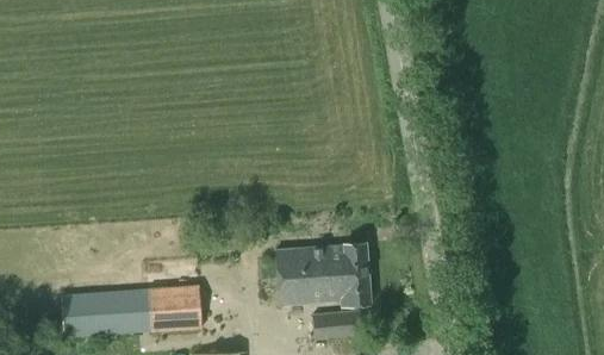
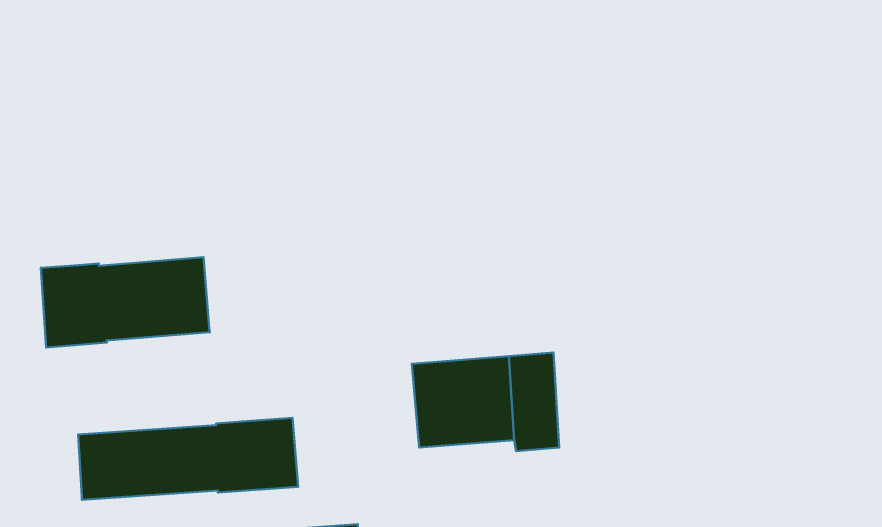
building: none -> [41,257,210,347]
building: [312,307,362,340] -> none

